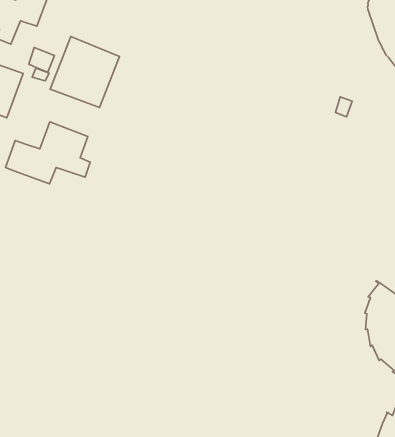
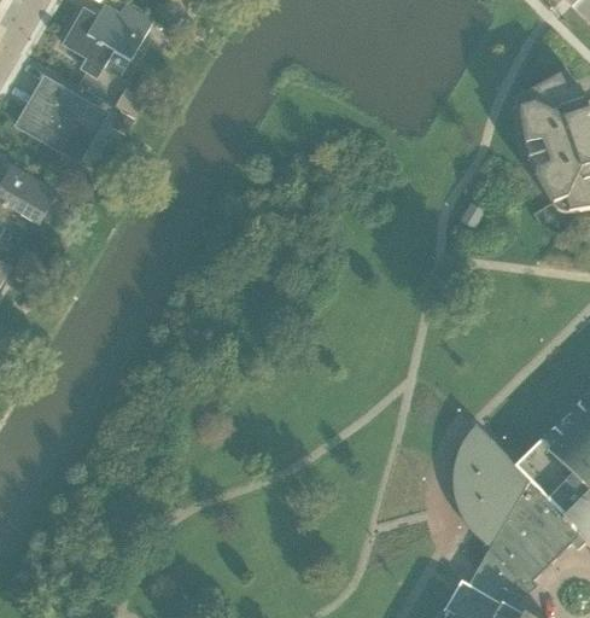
building: [50,37,120,108] -> none
building: [5,122,90,184] -> none

